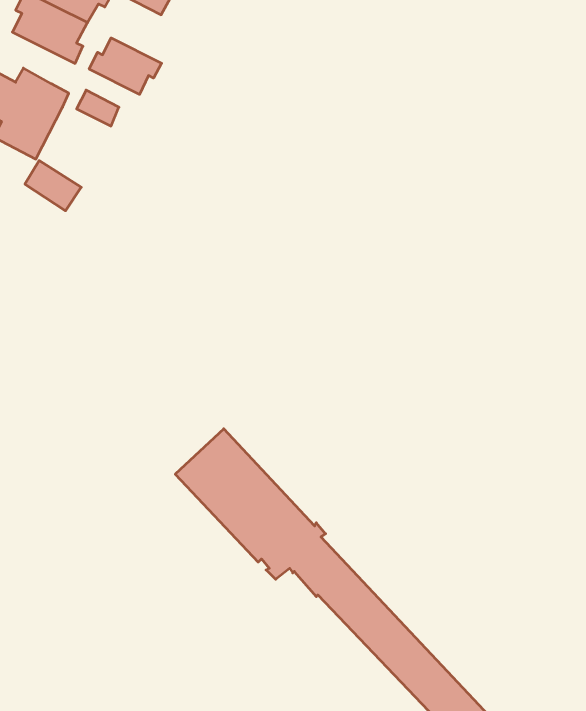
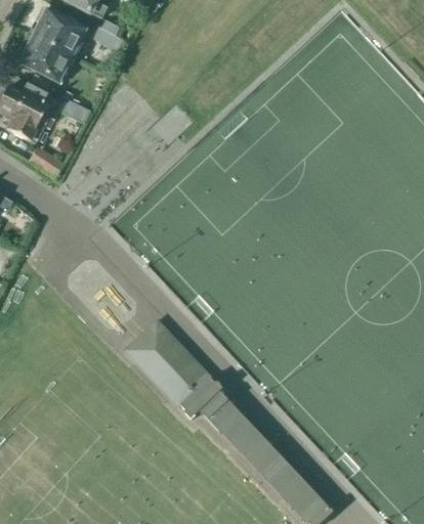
building: [89,38,162,94] -> none

